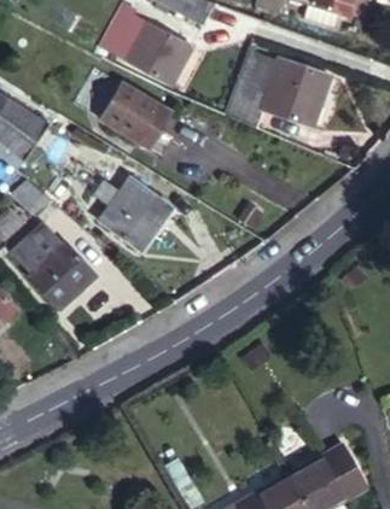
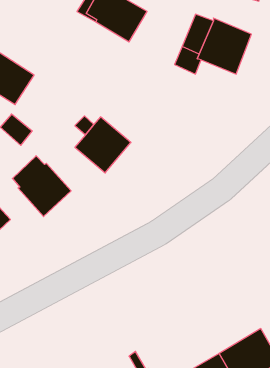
building: [105,80,174,142] -> none

